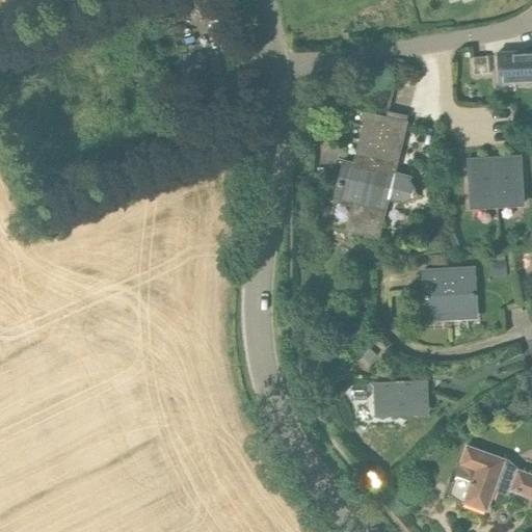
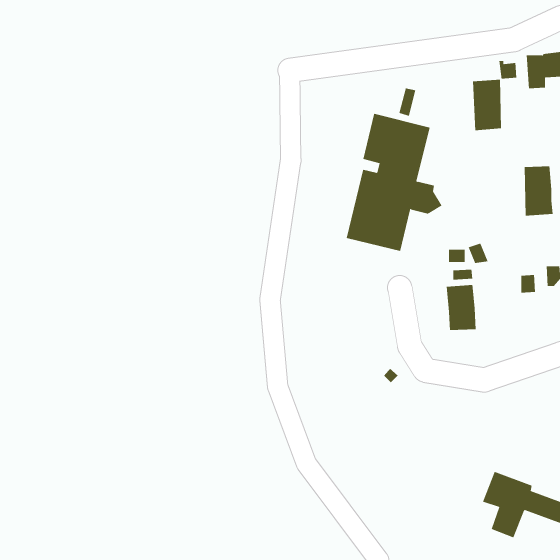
building: [470,158,498,207] -> [472,79,502,131]
building: [449,268,477,312] -> none
building: [375,382,430,421] -> none

